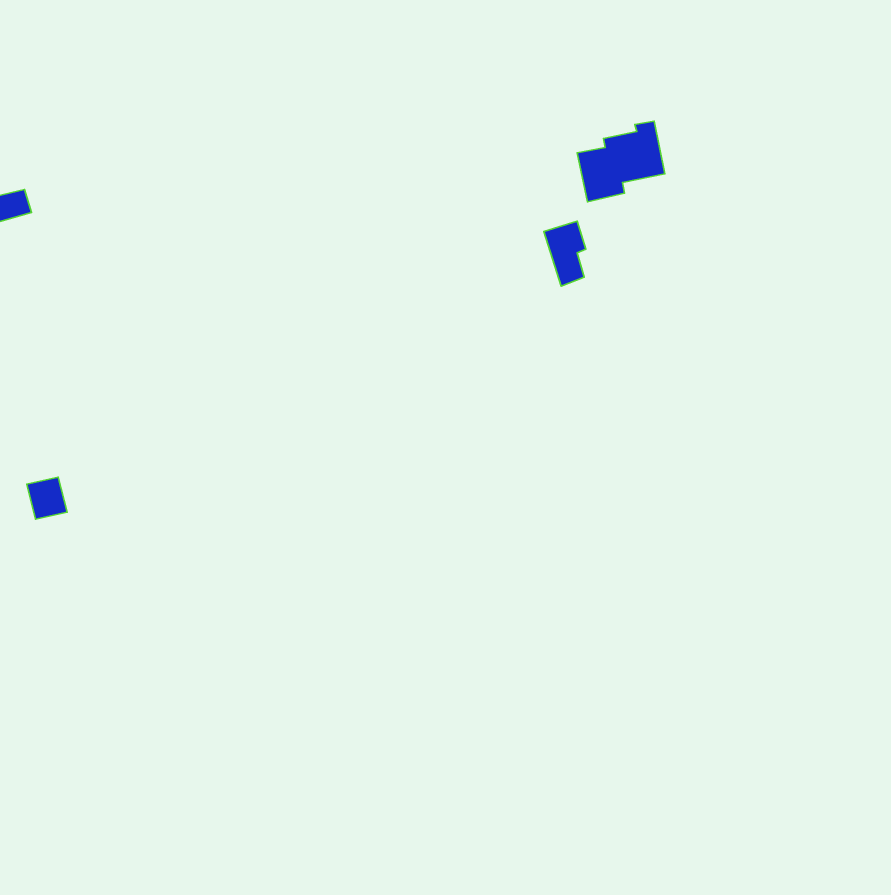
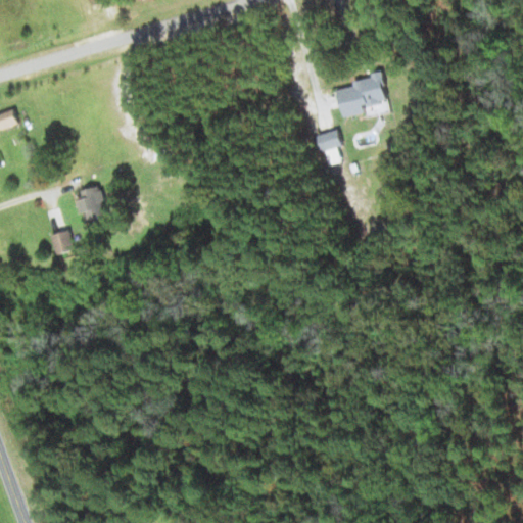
building: none -> [75,186,106,221]
building: [27,477,67,519] -> [49,231,73,255]

